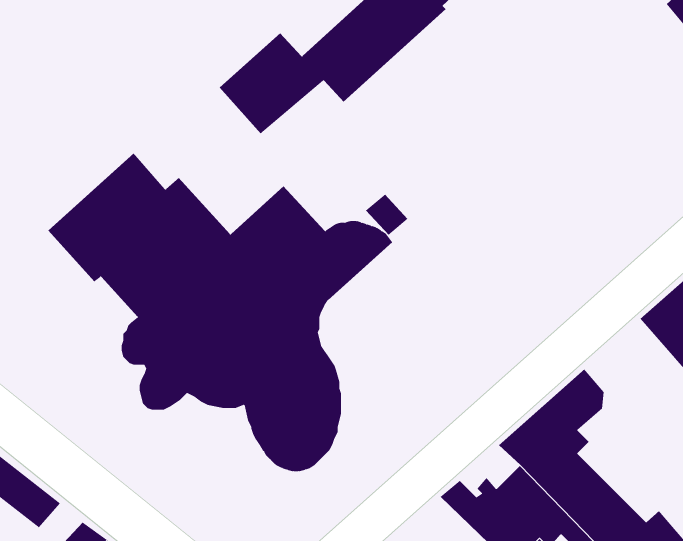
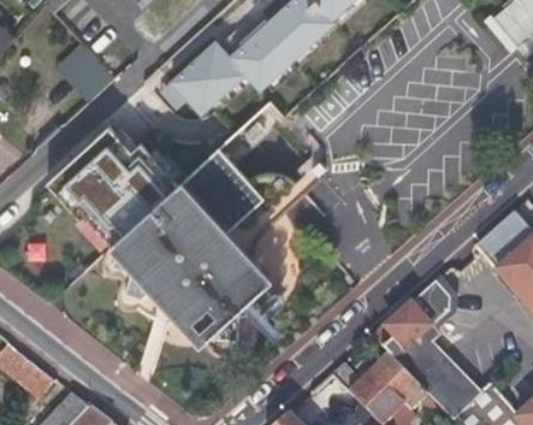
building: none -> [57,42,114,102]

